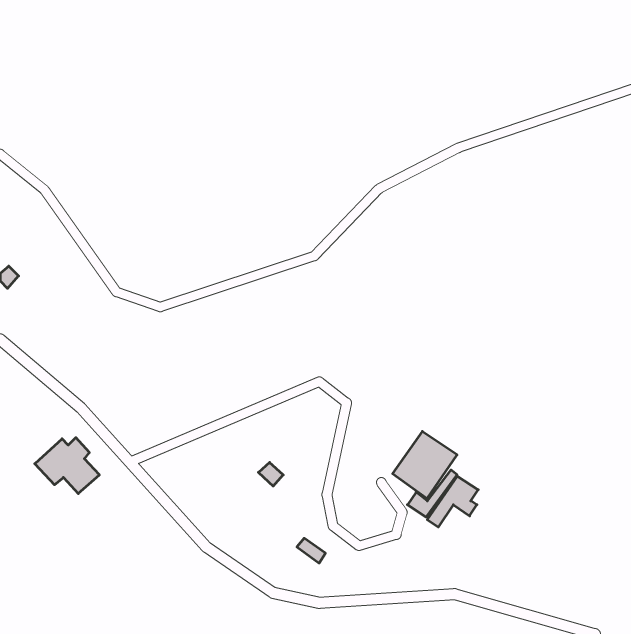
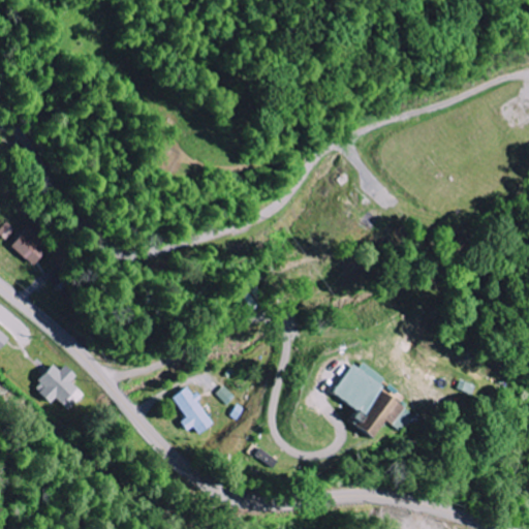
building: none -> [13,226,49,266]
building: none -> [172,384,215,434]

